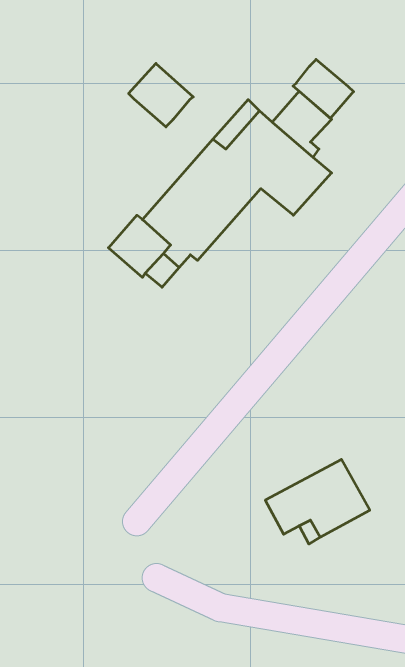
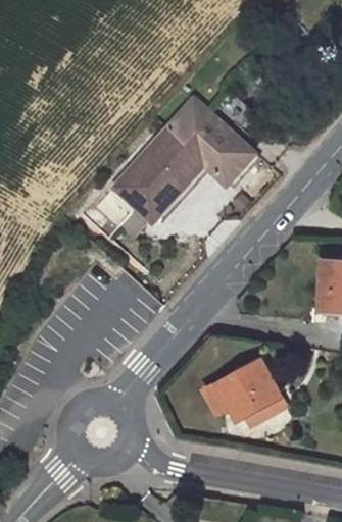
building: [293,59,354,118] -> none
building: [129,63,193,127] -> none

